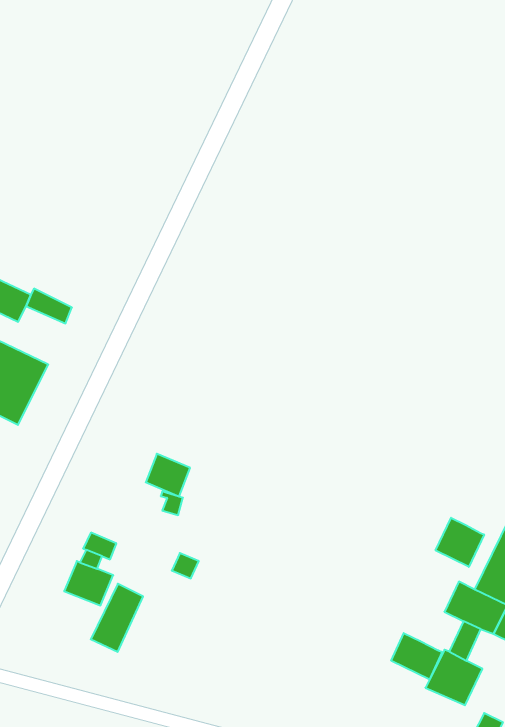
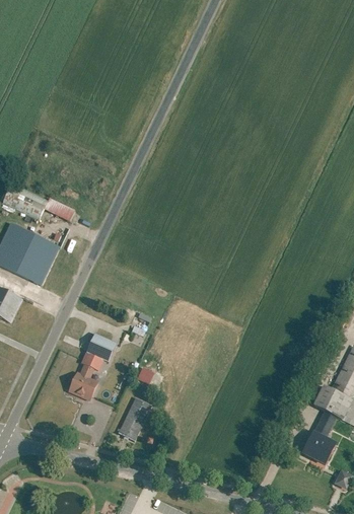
building: [146,454,190,497] -> [86,334,115,361]
building: [436,518,484,567] -> none
building: [91,584,143,652] -> [118,396,151,440]
building: [391,633,442,679] -> none

